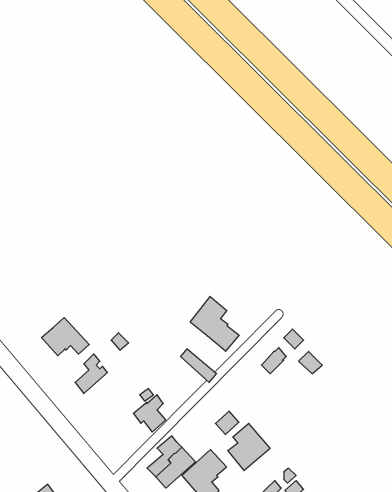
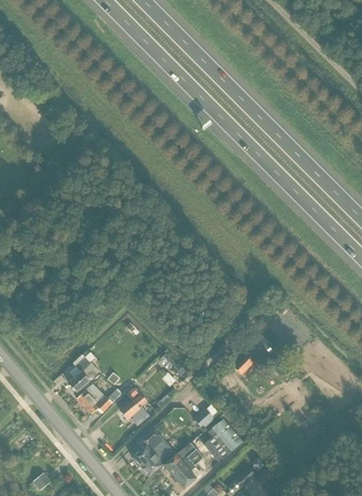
building: [190,296,239,351] -> none
building: [42,318,89,356] -> none
building: none -> [77,386,120,412]

